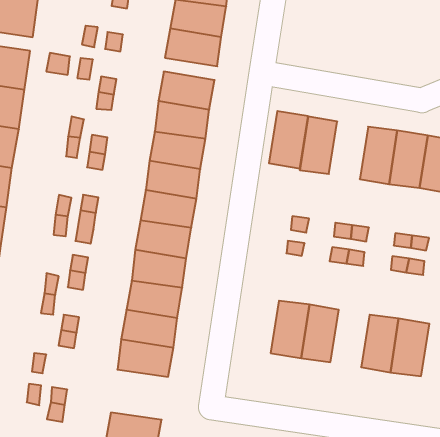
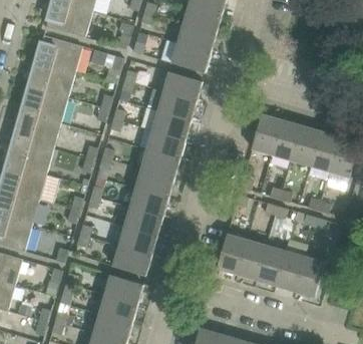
building: [269,111,308,168] -> [270,119,300,159]
building: none -> [255,245,285,285]
building: none -> [104,274,142,303]

